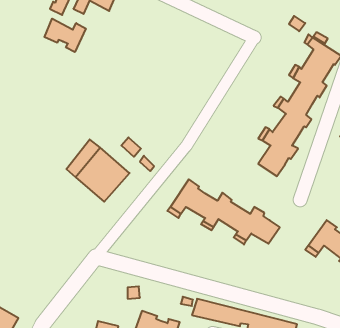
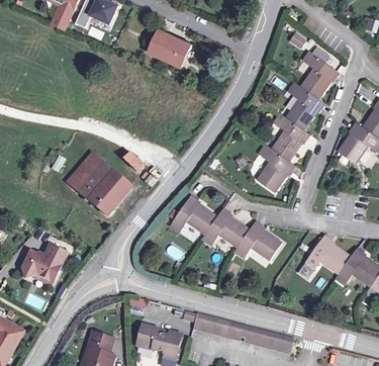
building: [44,19,86,52] -> none
building: none -> [151,34,193,71]
building: none -> [18,241,63,281]

